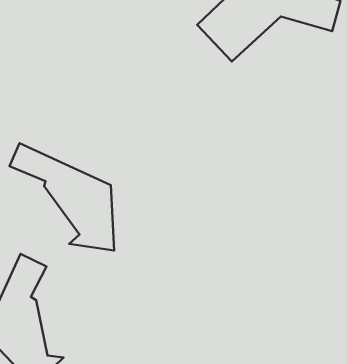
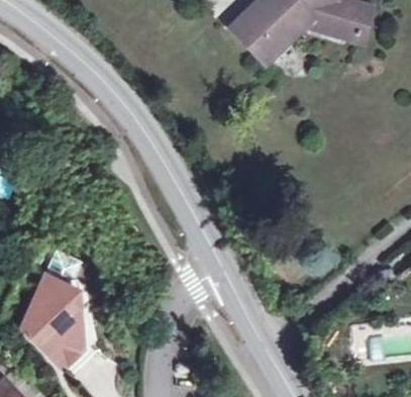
building: [9,143,114,251] -> none

